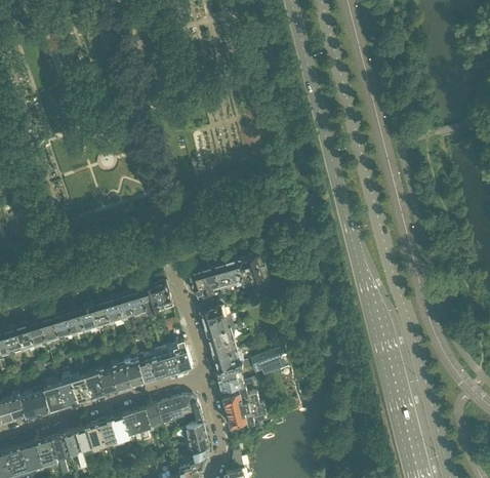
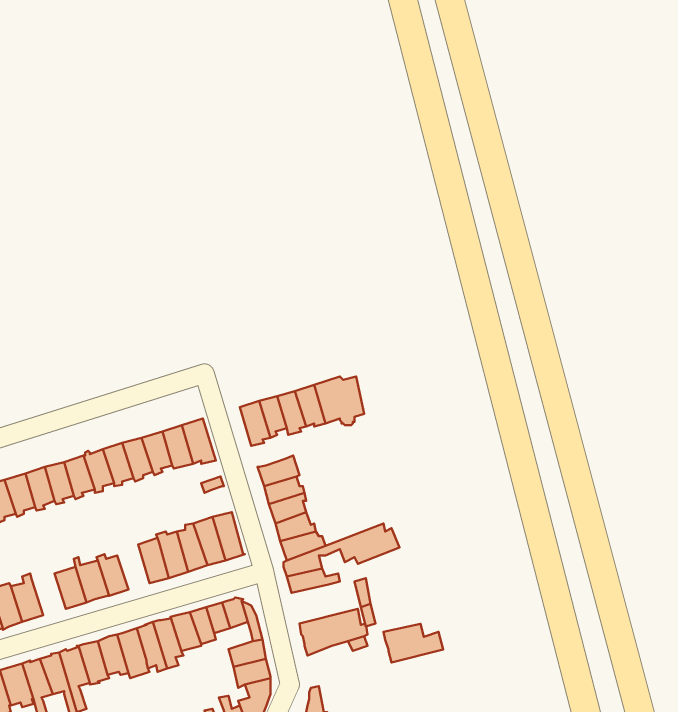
building: [111,362,131,391] -> none
building: [56,375,78,407] -> none
building: [221,388,259,412] -> [384,624,443,662]

